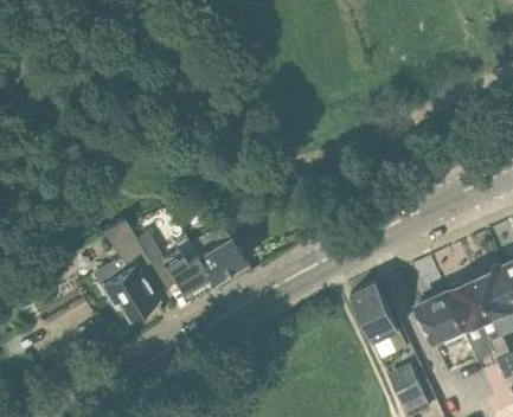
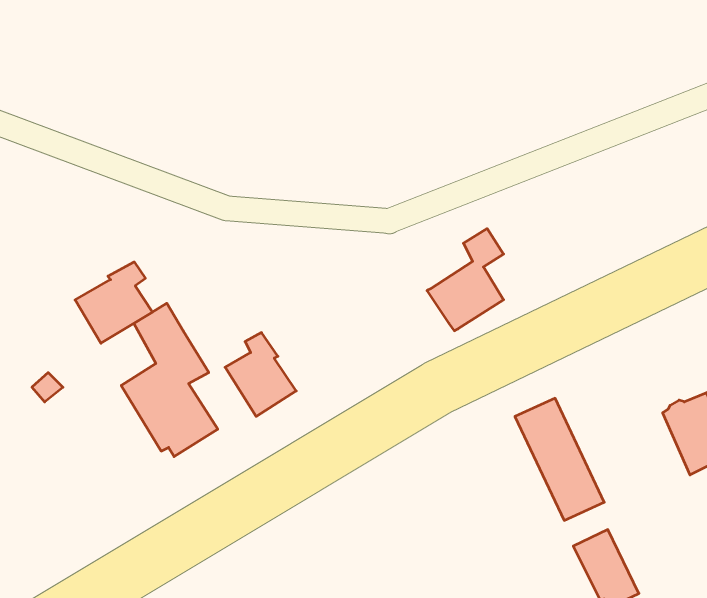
building: none -> [75,262,153,343]
building: [194,216,244,282] -> [427,229,504,331]
building: [417,291,464,345] -> none

